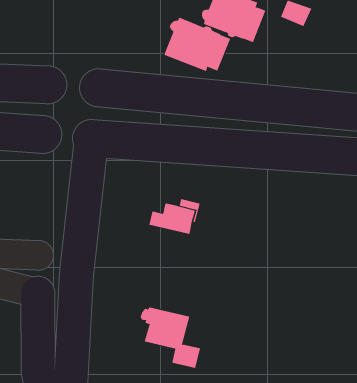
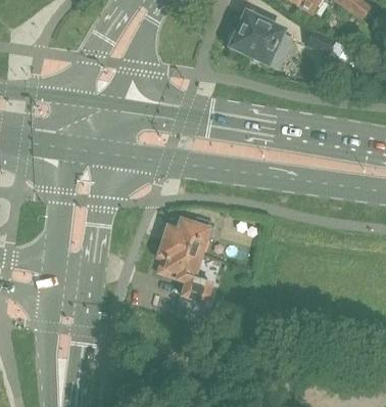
building: [164,17,231,72] -> none
building: [140,307,201,368] -> [154,237,211,301]

